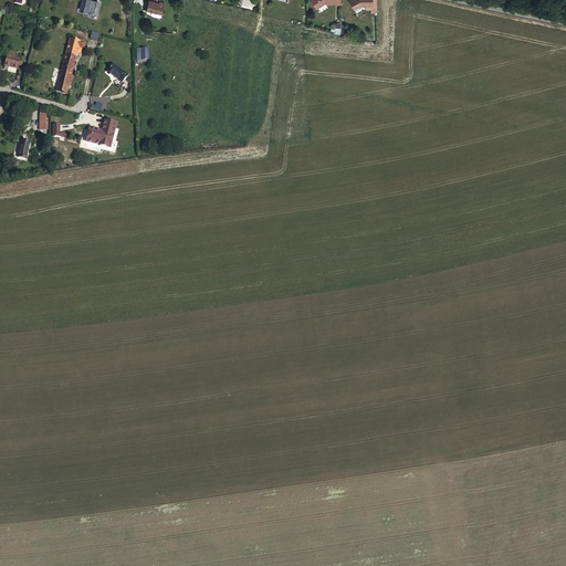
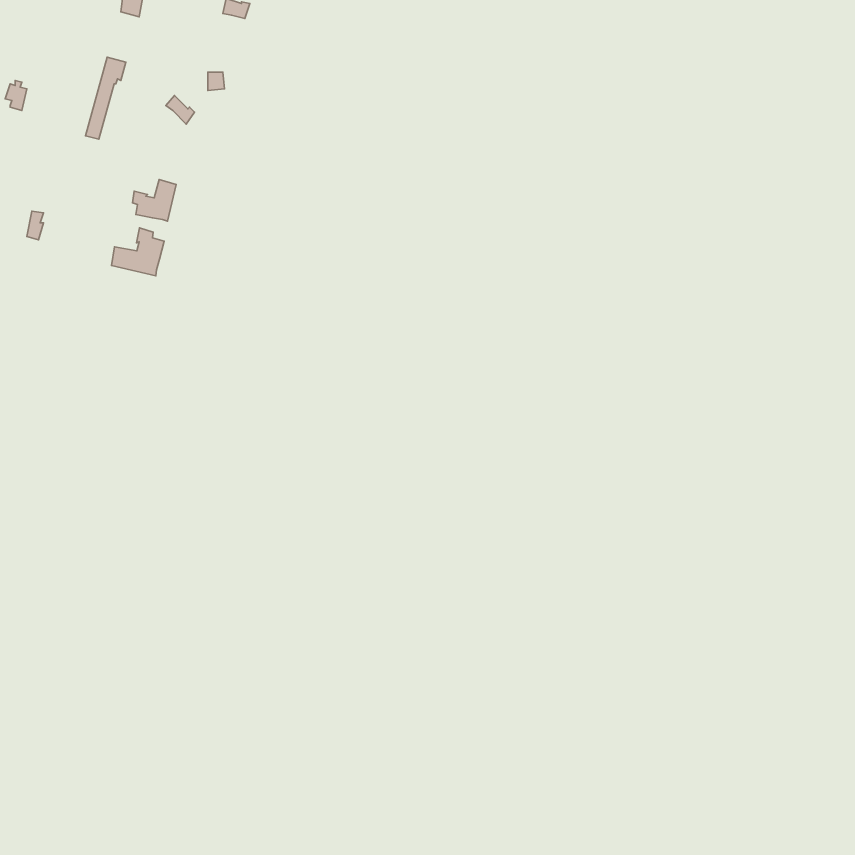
building: none -> [112,228,164,276]

